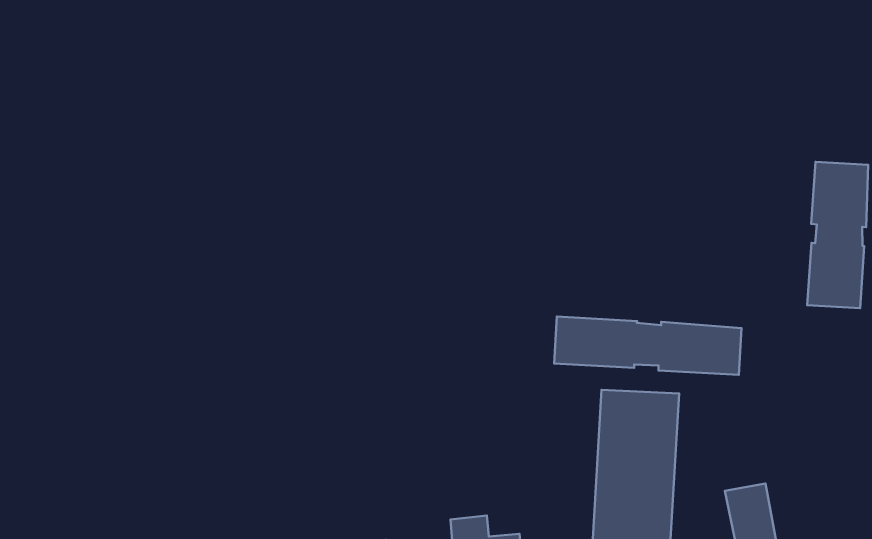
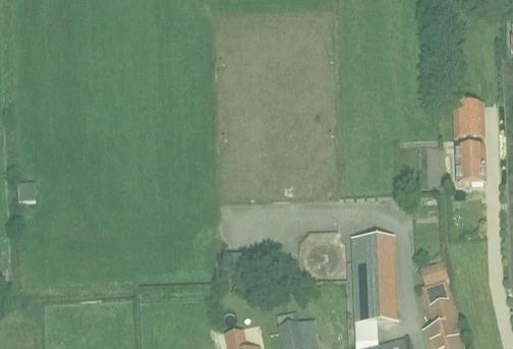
building: [554,317,741,375] -> none

